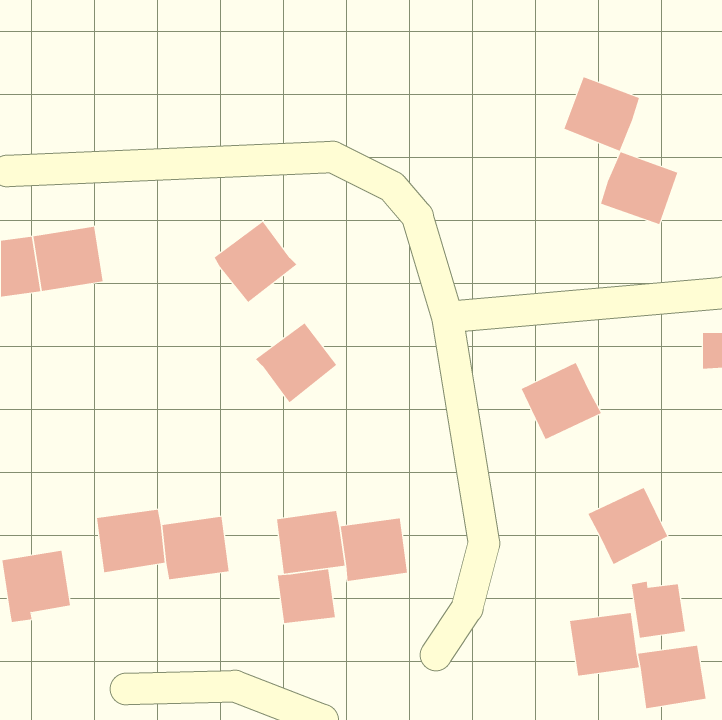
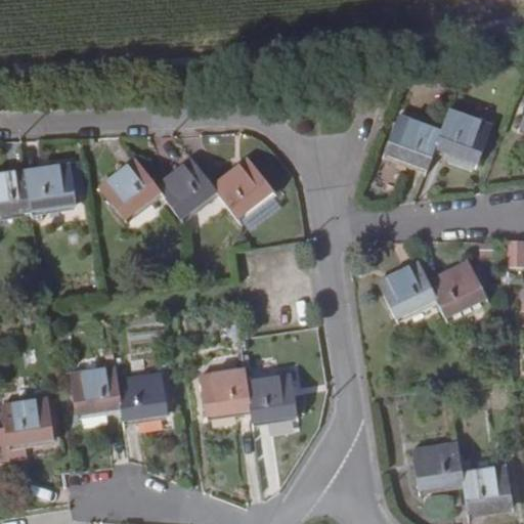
building: [563,76,640,151] -> [385,116,440,170]
building: none -> [99,161,160,221]
building: [255,323,337,403] -> [211,160,270,218]
building: [588,487,668,565] -> [427,262,485,318]
building: [277,569,335,624] -> none
building: [631,581,685,638] -> none

